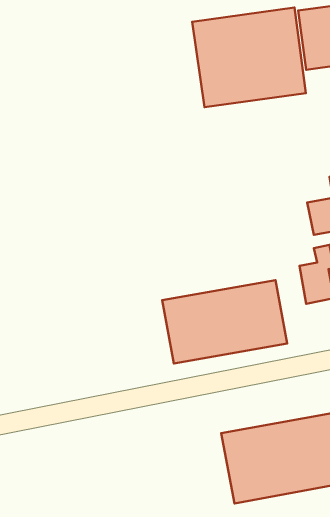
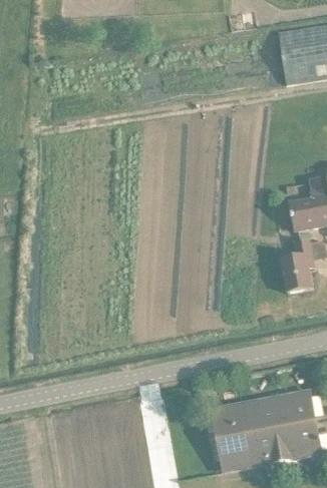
building: [192,7,306,107] -> none
building: [162,280,287,364] -> none

